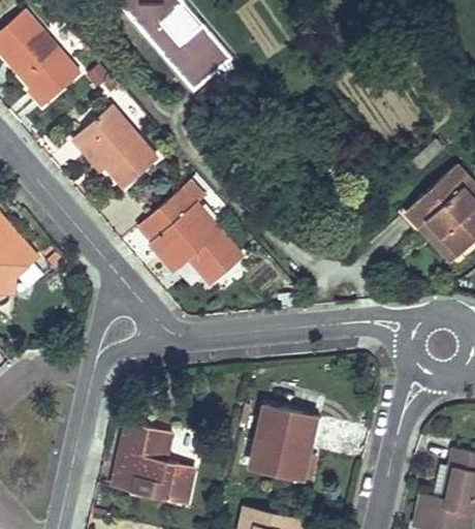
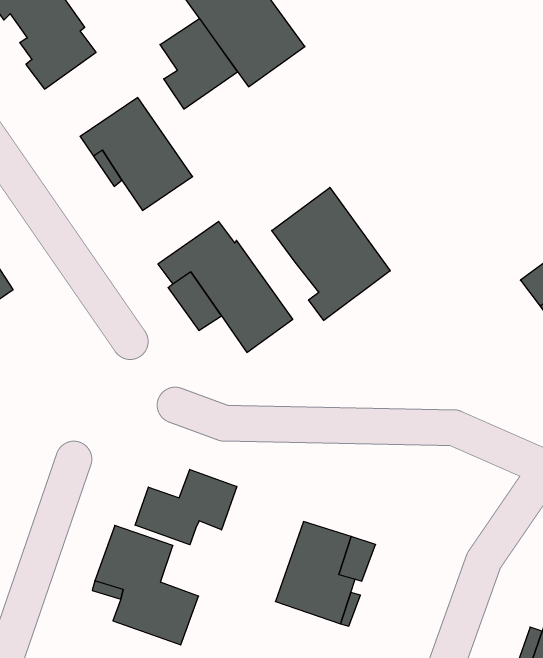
building: none -> [160,18,237,109]
building: none -> [272,187,390,320]
building: none -> [135,469,237,545]

